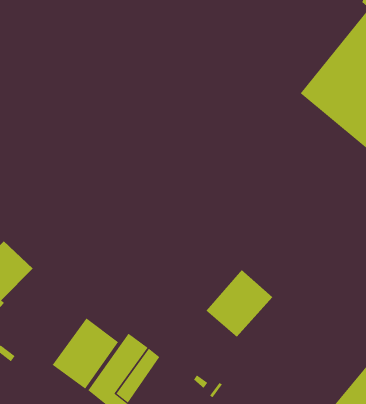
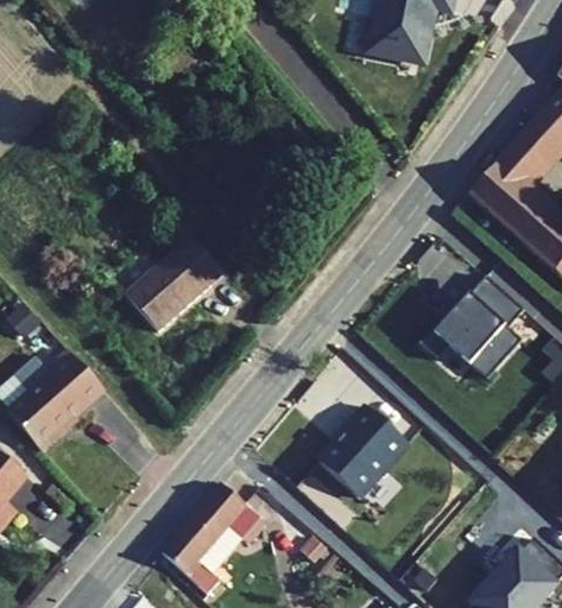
building: none -> [125,235,225,331]
building: none -> [419,274,525,378]
building: [52,317,119,389] -> none

